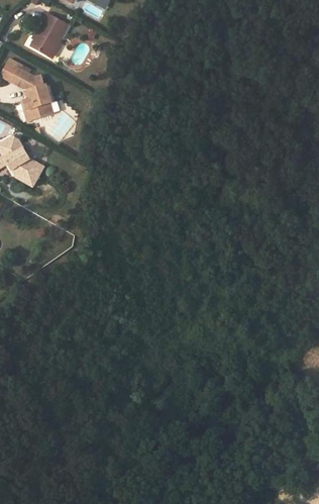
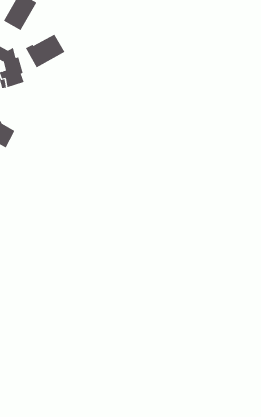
building: none -> [25,34,65,68]

